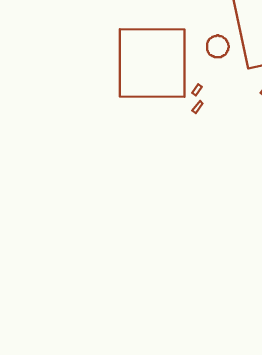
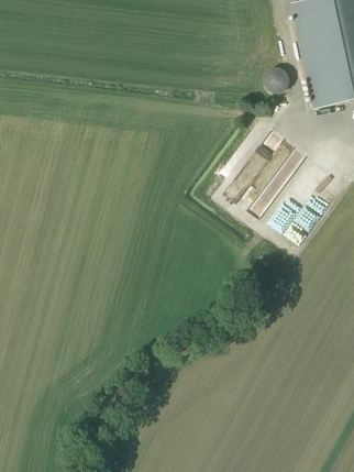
building: [120,29,185,97] -> none

